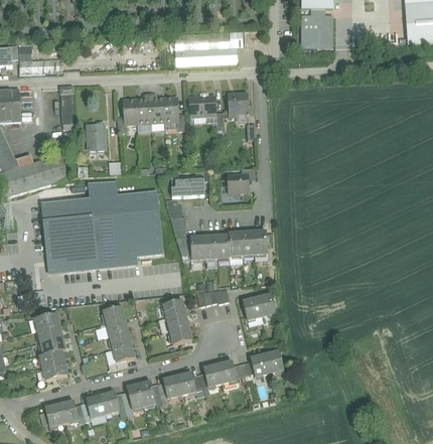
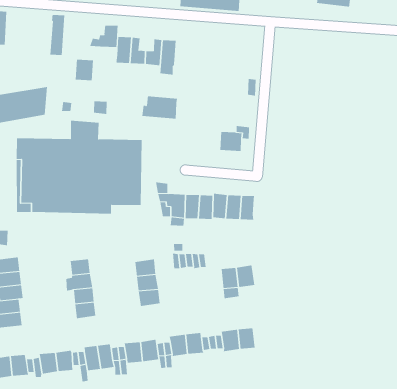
building: none -> [90,25,118,48]
building: [228,93,248,116] -> none
building: [189,95,215,117] -> none
building: [172,176,204,196] -> [142,96,178,119]

